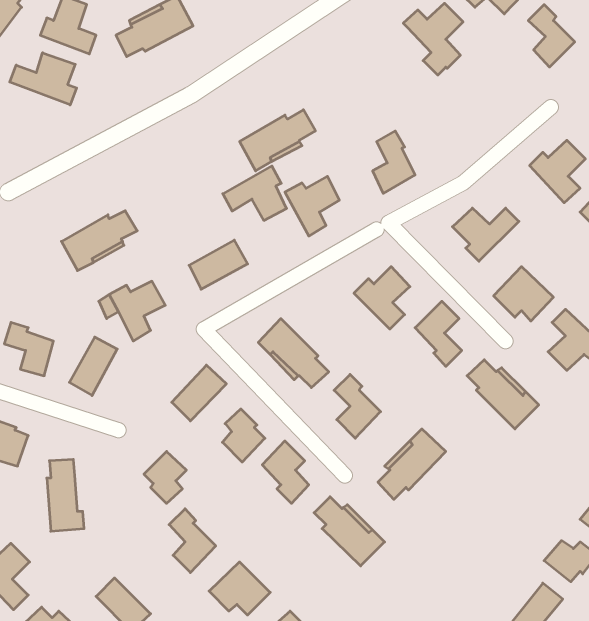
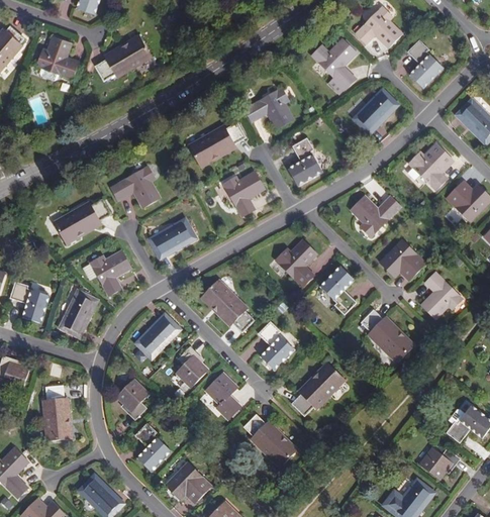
building: [10,53,77,105] -> none
building: none -> [244,87,294,128]
building: none -> [356,90,396,130]
building: [223,166,287,220] -> [110,165,159,206]

